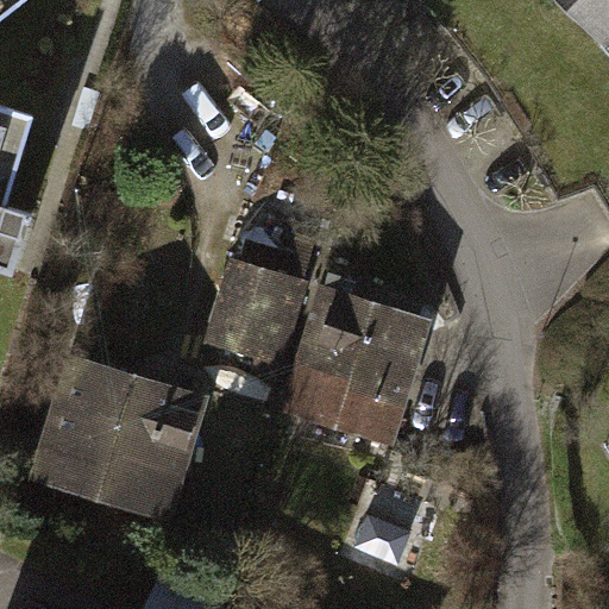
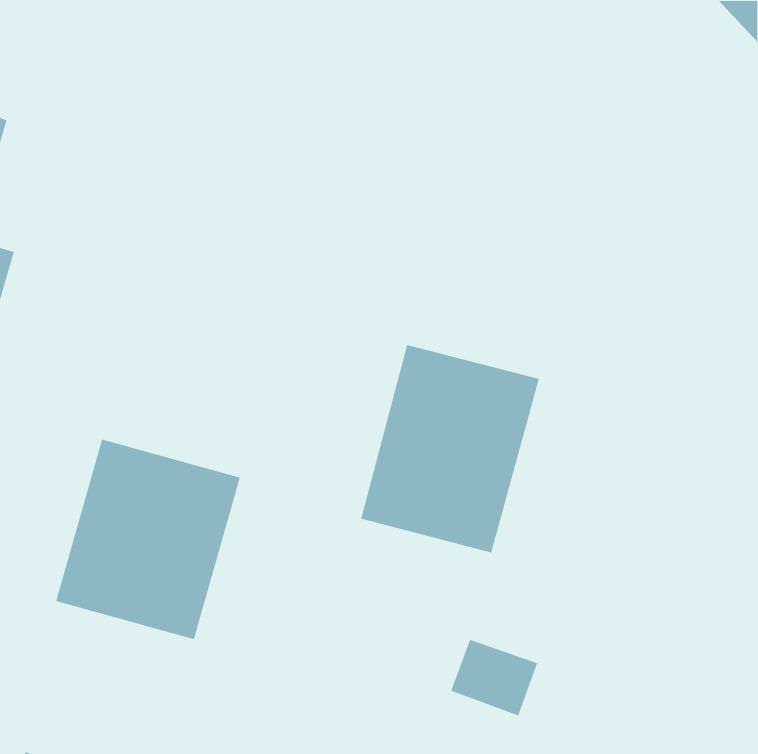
building: [212,253,299,359] -> none

